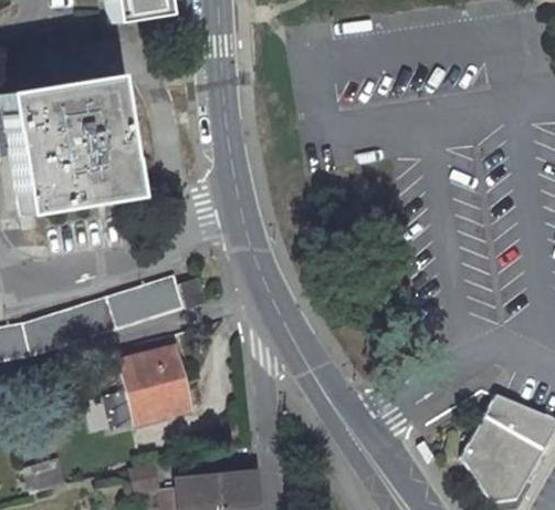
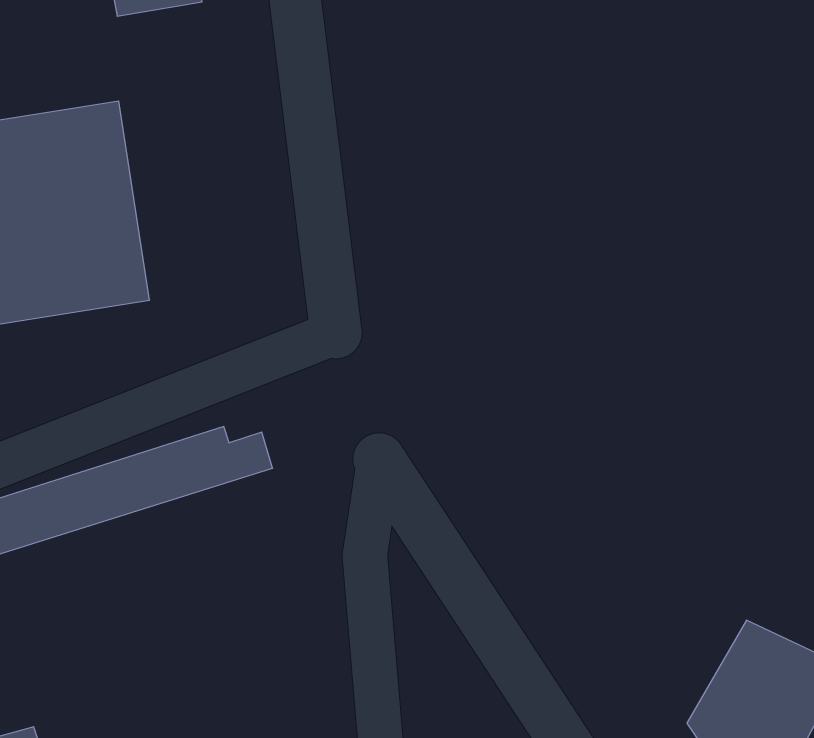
building: [105,335,190,428] -> none

